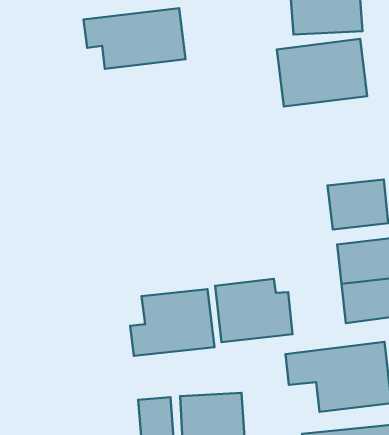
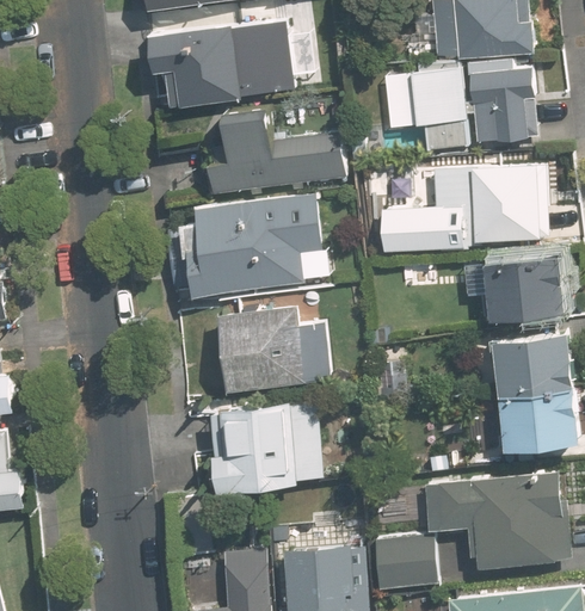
building: none -> [205,109,343,192]
building: none -> [392,167,549,252]
building: none -> [184,197,324,296]
building: [215,279,292,342] -> [216,306,321,391]
building: none -> [372,537,431,588]

